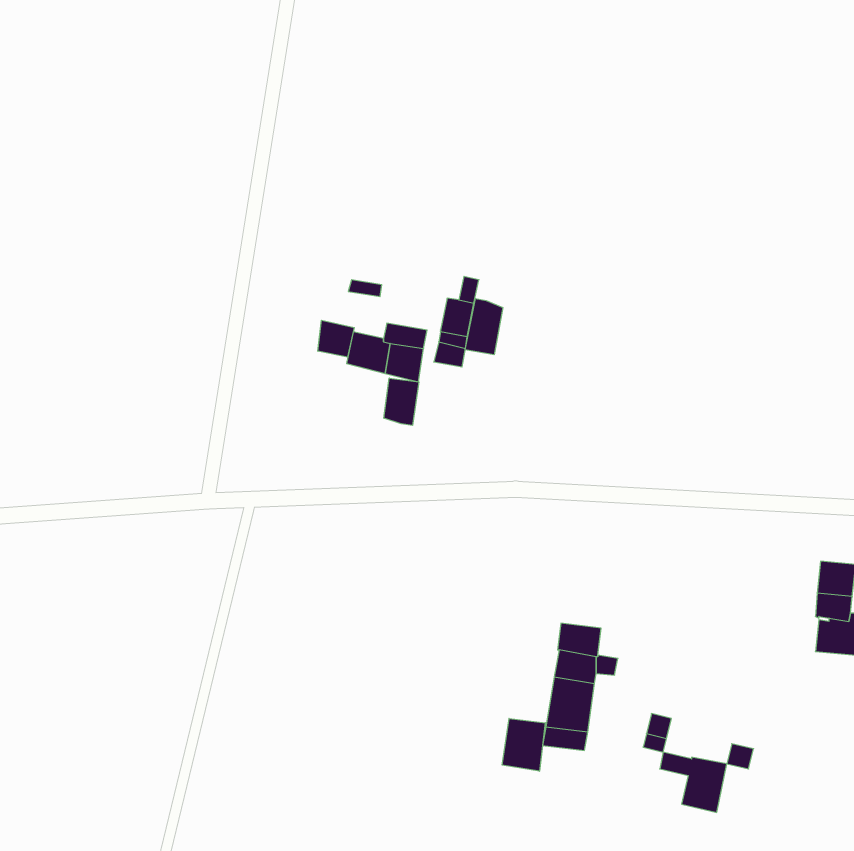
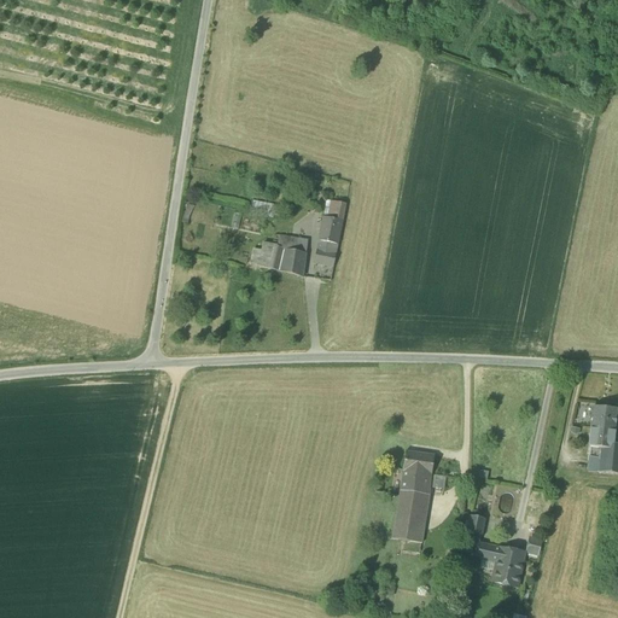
building: [465,299,503,355] -> none
building: [318,320,354,357] -> none
building: [384,378,419,425] -> none
building: [502,718,545,771] -> none

